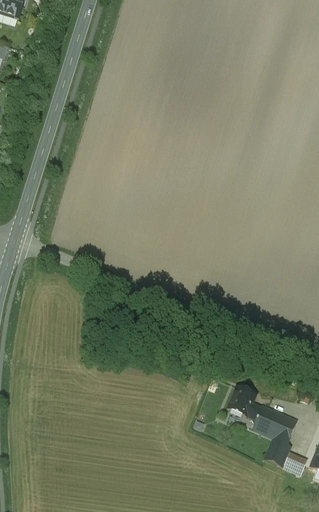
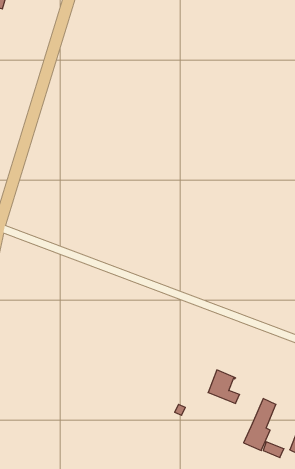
building: [251,403,283,438] -> none

